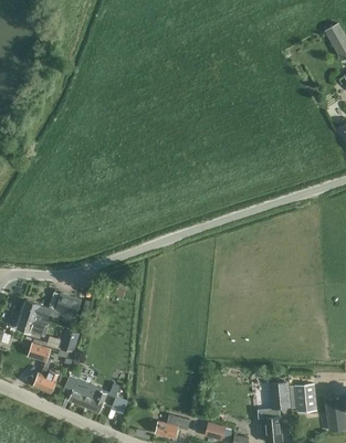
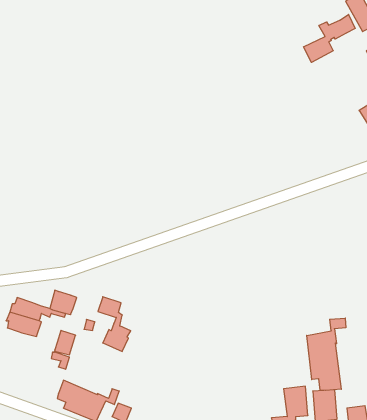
building: none -> [304,14,355,62]
building: none -> [307,318,346,390]
building: [28,342,57,392] -> [98,297,131,351]

